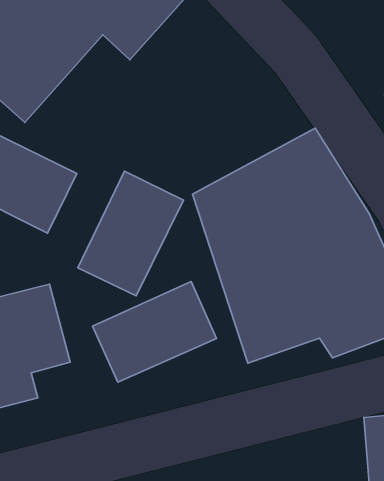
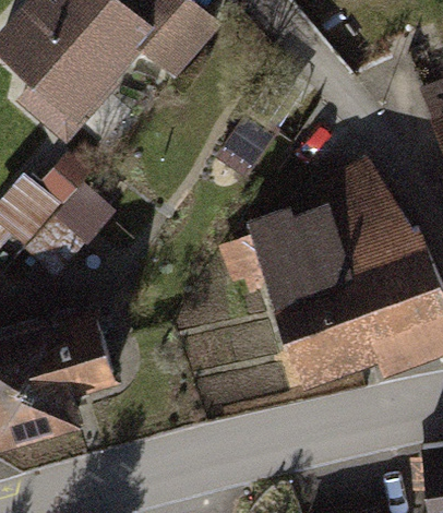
building: [78,171,183,296] -> none
building: [92,281,217,382] -> none

